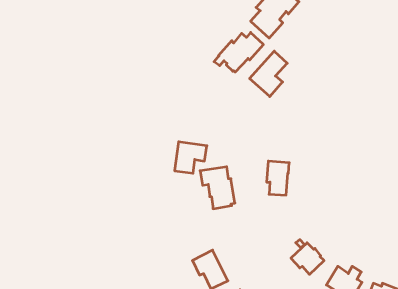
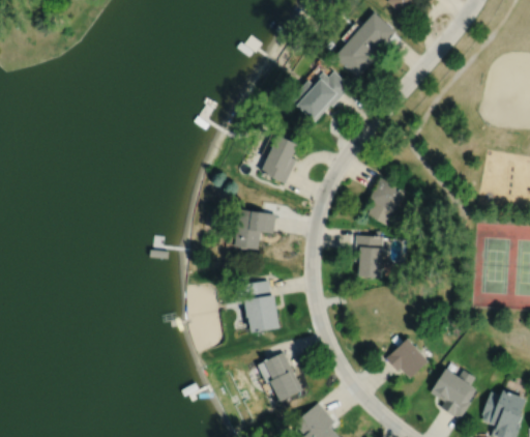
building: [250,51,287,97] -> none
building: none -> [262,137,300,184]
building: none -> [366,178,406,225]
building: [200,167,235,209] -> [236,282,281,336]

